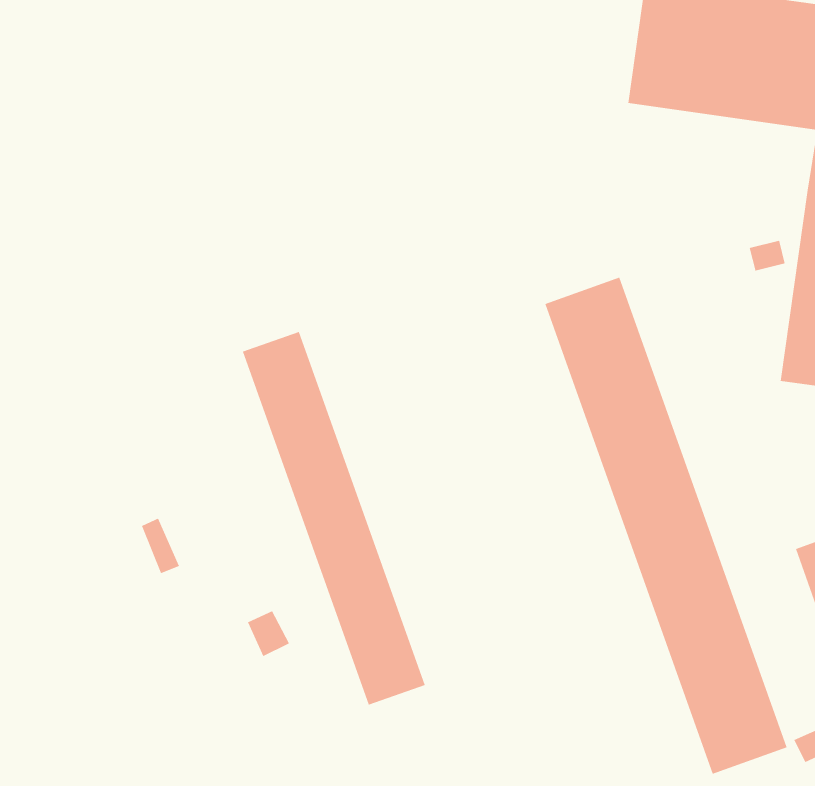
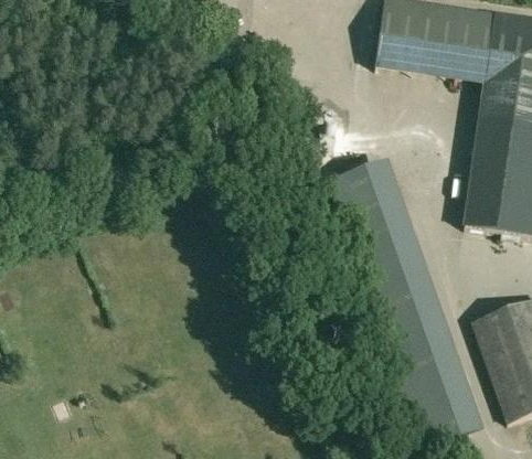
building: [242,331,426,706] -> none

